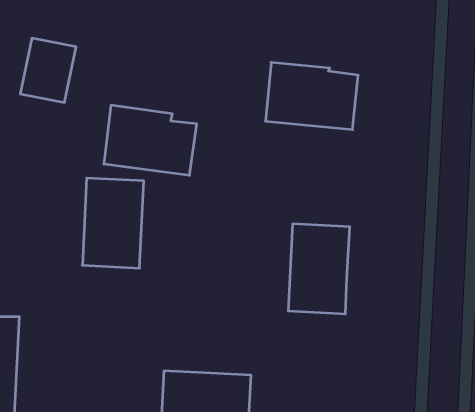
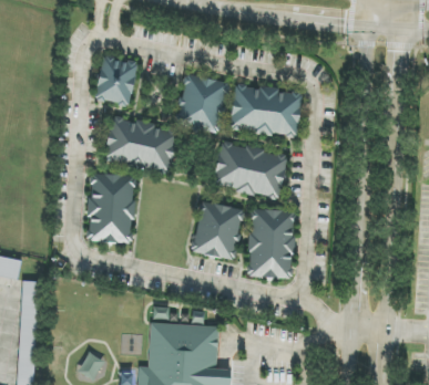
building: [20,38,76,102] -> [94,56,137,106]
building: none -> [174,73,229,135]
building: none -> [212,142,288,199]
building: none -> [192,201,244,260]

